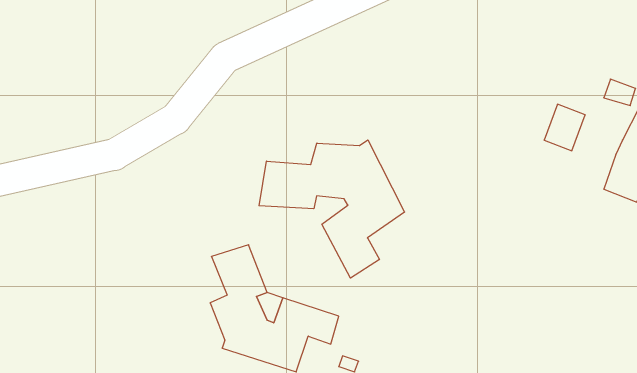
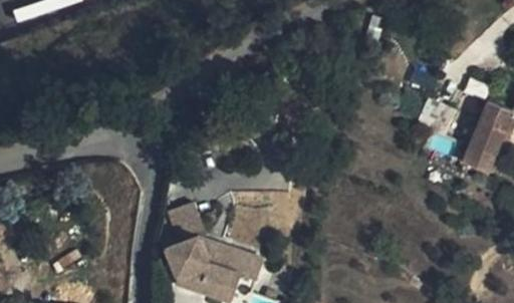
building: [259,140,405,278] -> none

